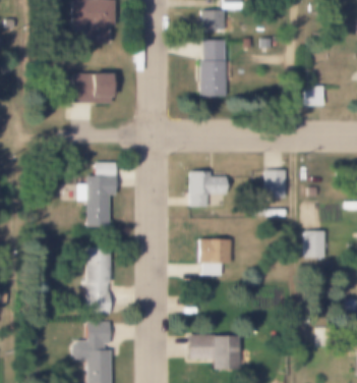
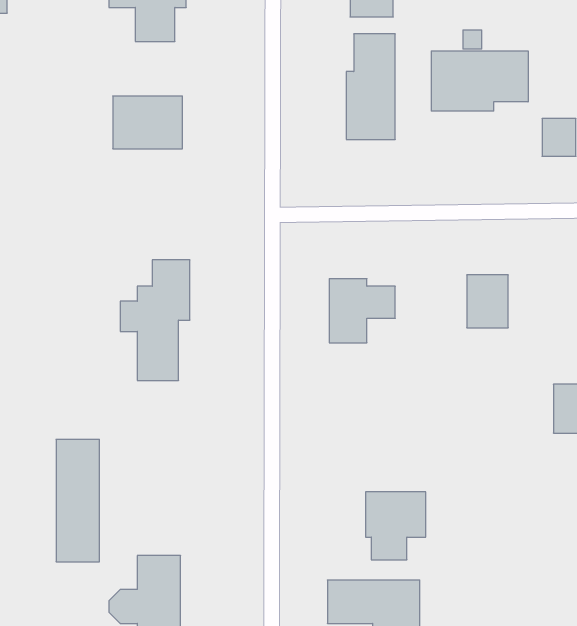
building: none -> [431,51,528,111]
building: [199,238,232,275] -> [366,492,426,560]
building: [86,248,110,314] -> [56,439,99,562]

